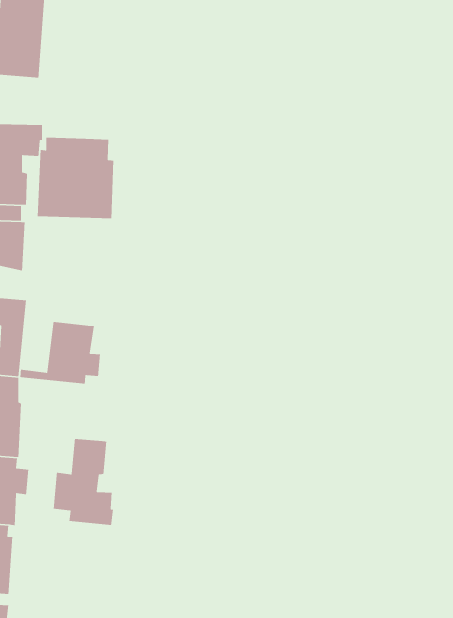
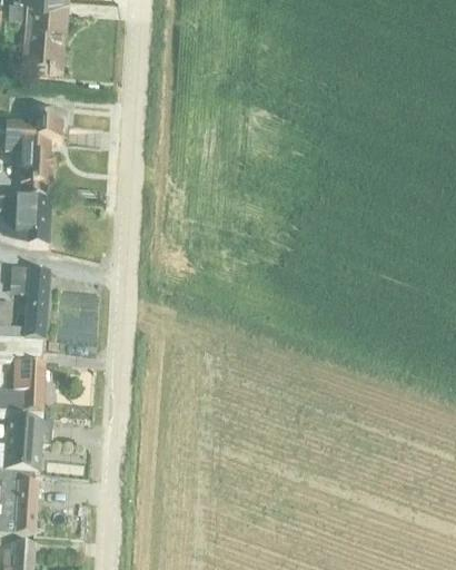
building: [37,137,114,219] -> none
building: [20,321,101,385] -> none
building: [53,438,114,526] -> none

